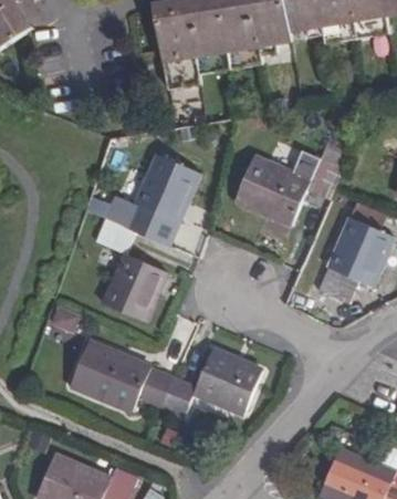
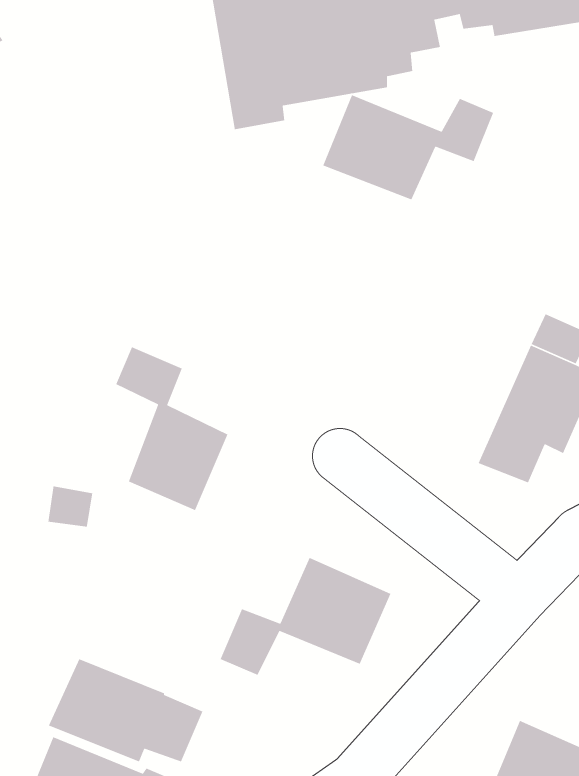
building: [101,156,195,242] -> none
building: [236,157,339,221] -> [322,94,494,201]
building: [77,344,171,407] -> [48,658,203,762]

